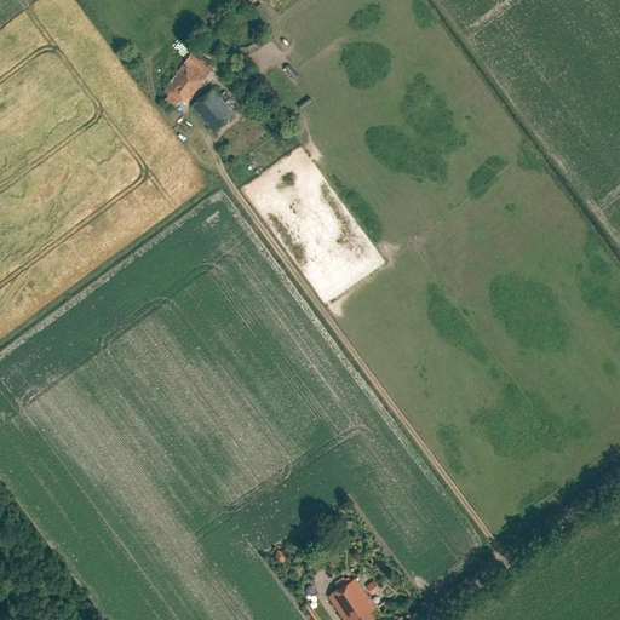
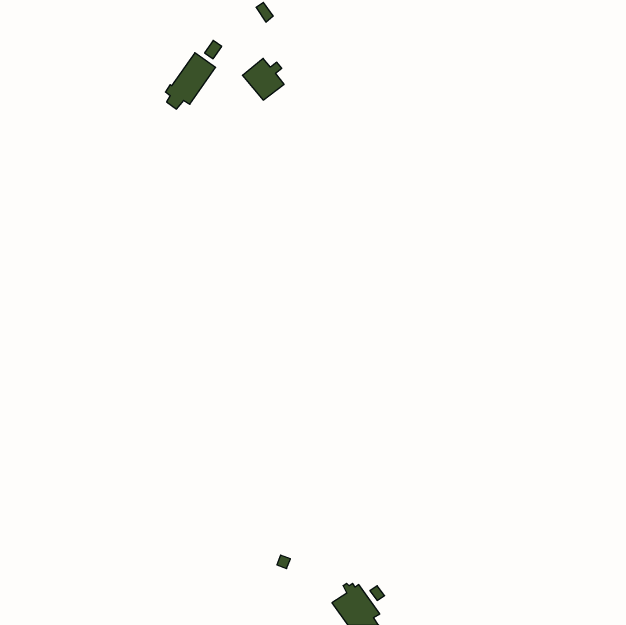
building: [191,88,232,130] -> [242,58,284,100]

